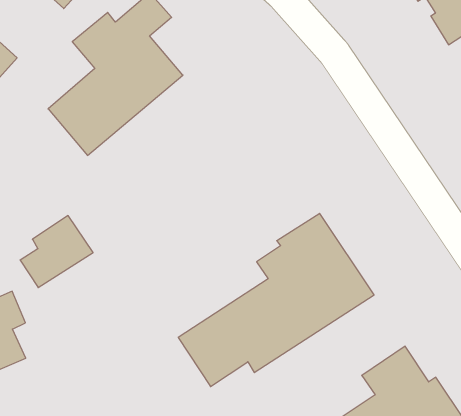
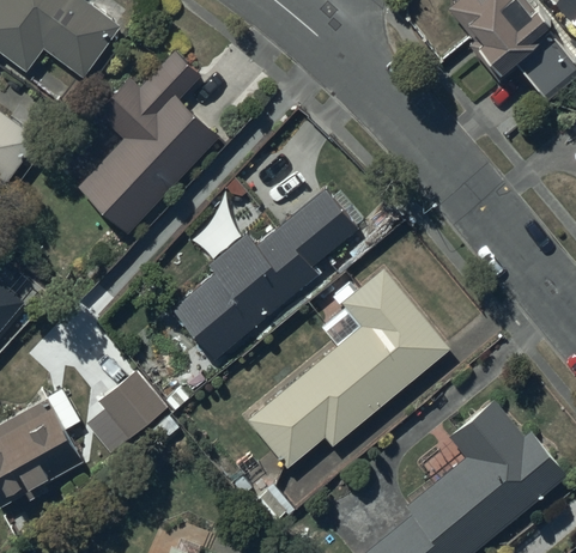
building: none -> [172,188,358,358]
building: [20,216,93,288] -> [87,371,165,452]

